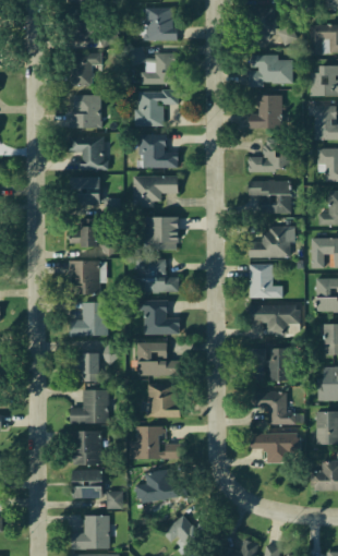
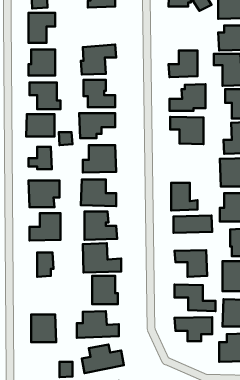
building: [128,47,179,84] -> none
building: [248,55,294,87] -> none
building: [249,226,292,258] -> none
building: [71,389,110,424] -> none
building: [73,470,105,498] -> none

